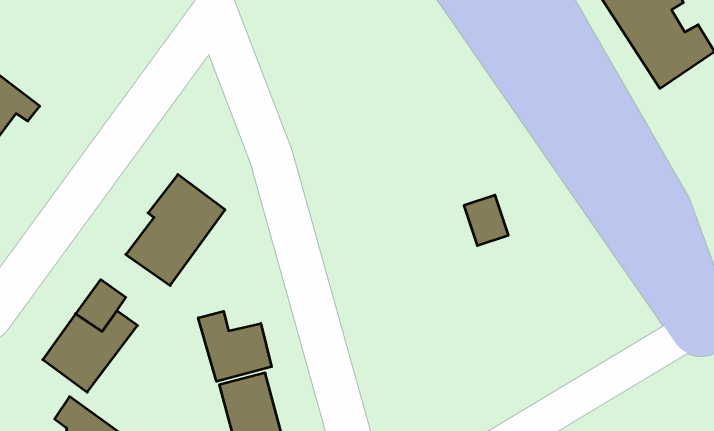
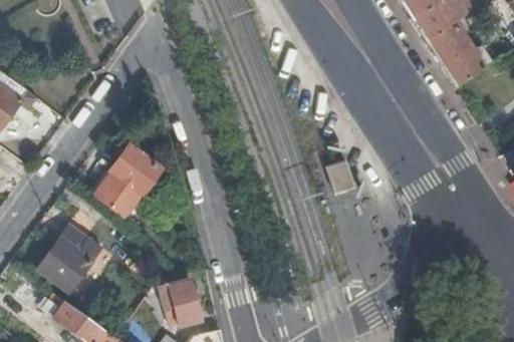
building: [198,311,272,381] -> none

